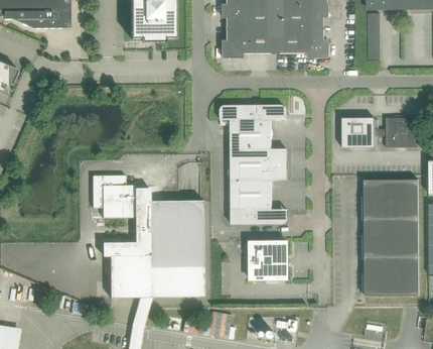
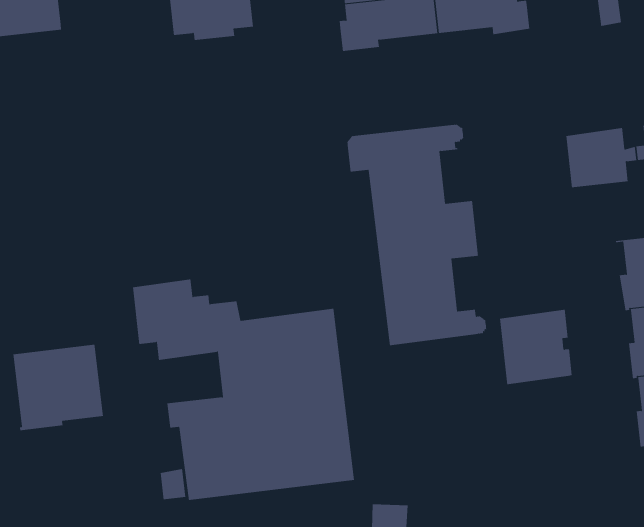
building: none -> [13,344,104,431]
building: [249,241,286,279] -> [499,309,573,385]

